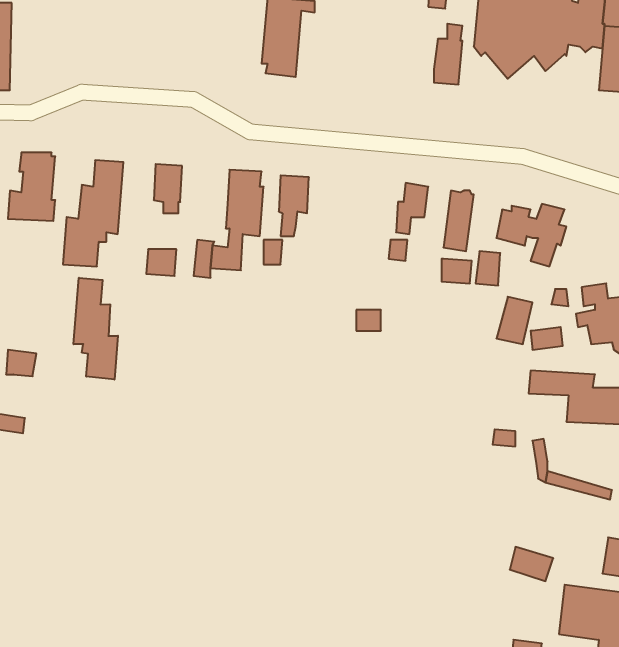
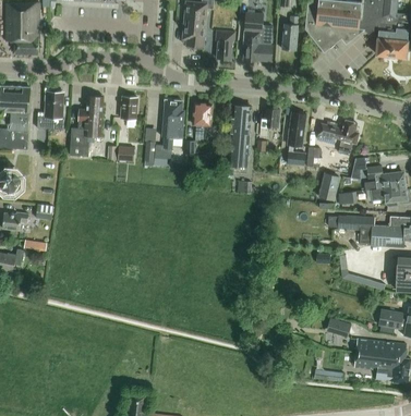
building: none -> [243,12,273,62]
building: none -> [216,30,234,60]
building: none -> [227,105,251,173]
building: [74,278,118,380] -> none

